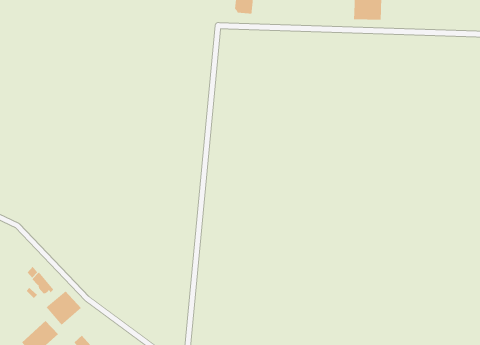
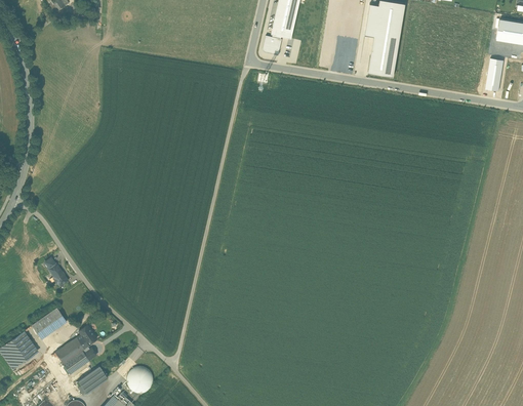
building: [45,291,82,326] -> none

